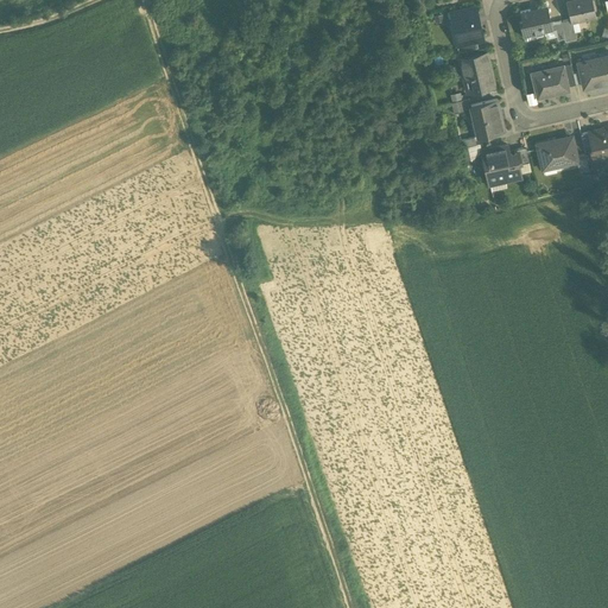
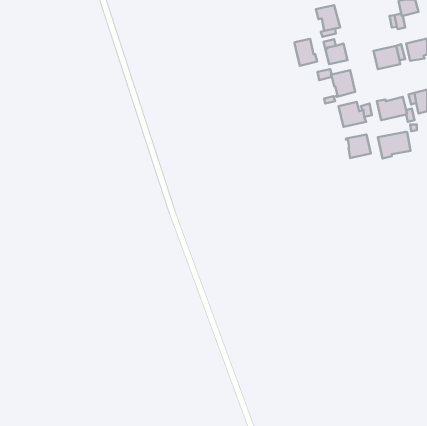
building: [520,6,552,37] -> none
building: none -> [295,39,317,66]
building: none -> [378,132,411,158]
building: none -> [346,135,371,158]

